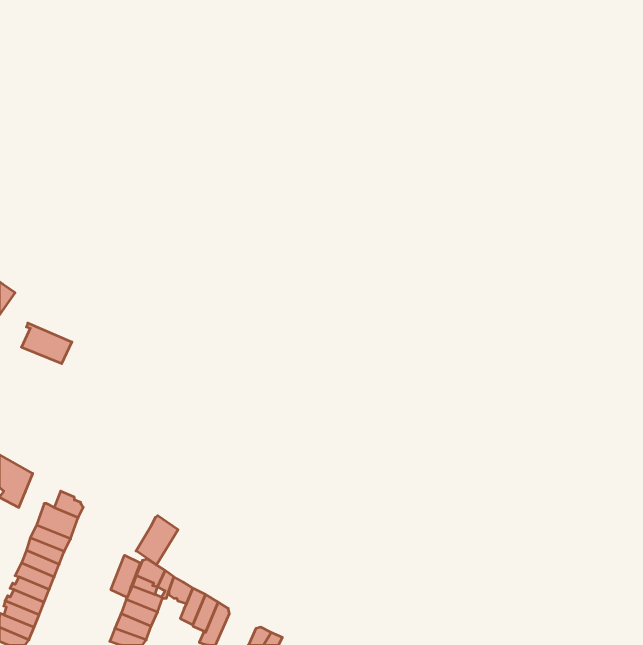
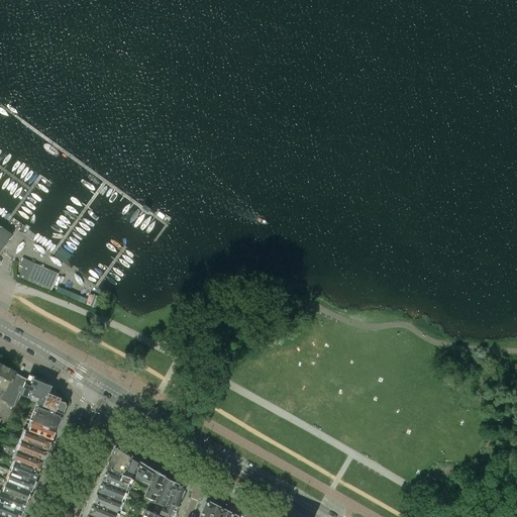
building: none -> [20,372,51,406]
building: [136,516,178,565] -> none
building: [111,555,140,597] -> none

